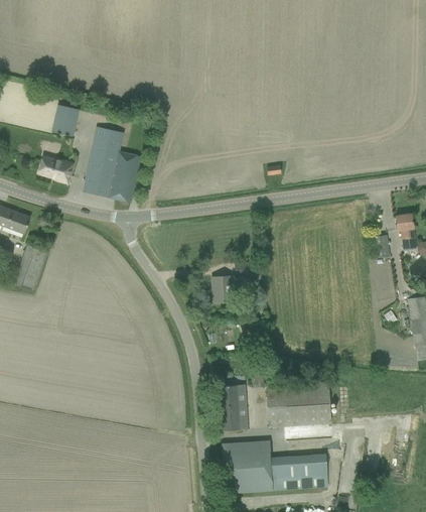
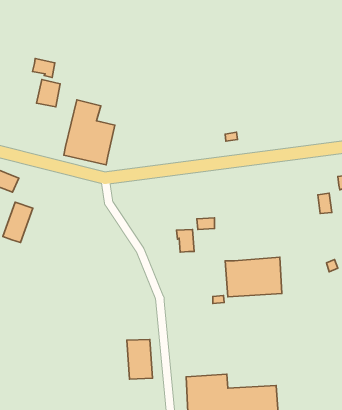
building: none -> [33,58,55,77]
building: [39,155,74,182] -> none
building: [266,381,330,426] -> [225,257,282,297]
building: [219,384,248,429] -> [127,339,152,379]

